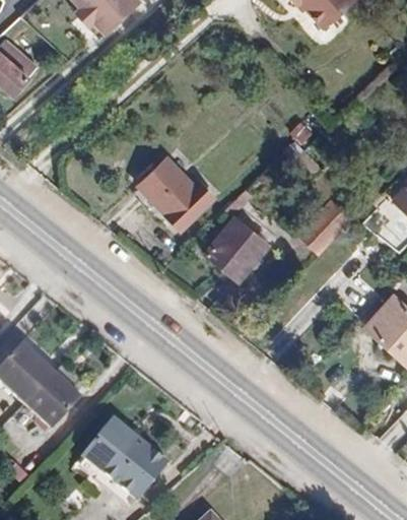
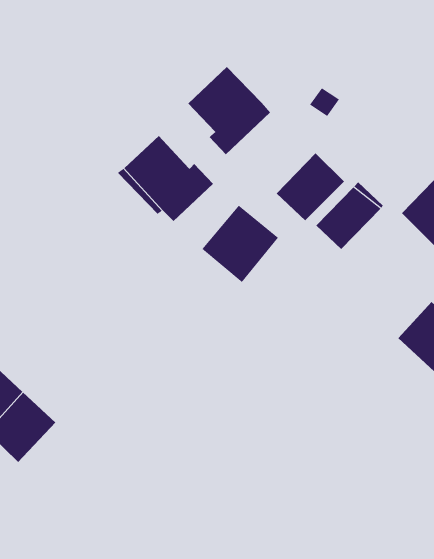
building: none -> [187,66,271,155]
building: none -> [276,153,345,221]
building: [81,416,168,500] -> none

